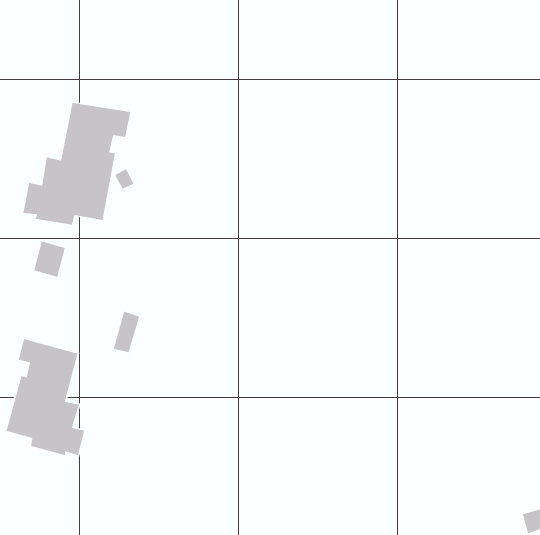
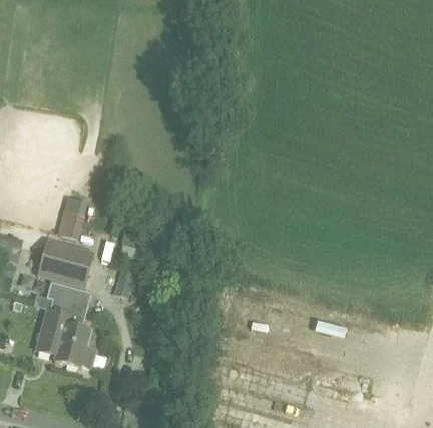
building: [23,102,131,225] -> none
building: none -> [37,238,92,285]

